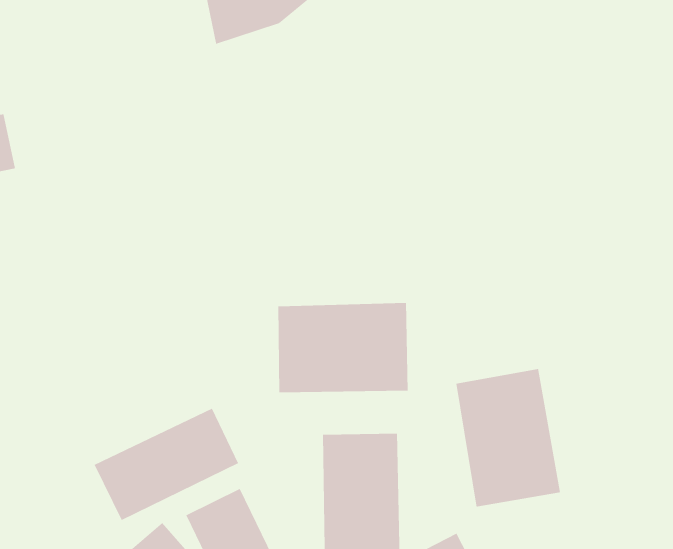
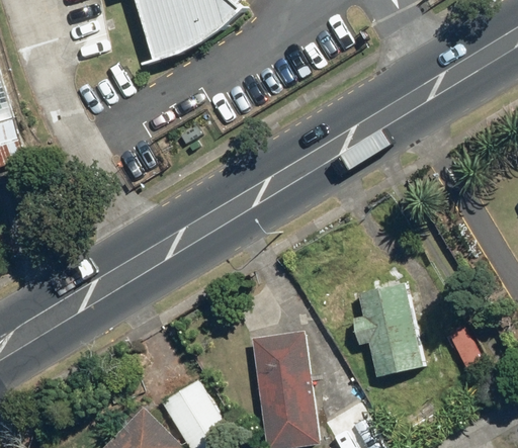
building: [278,302,408,393] -> none
building: [94,408,239,521] -> none

